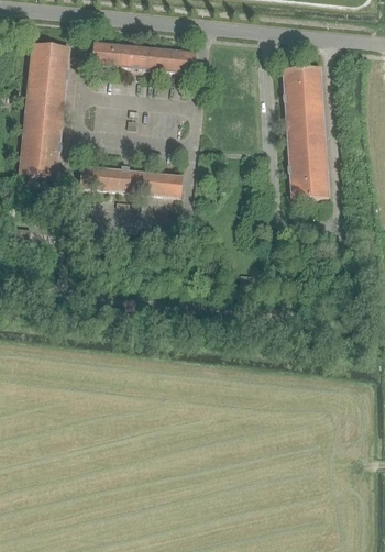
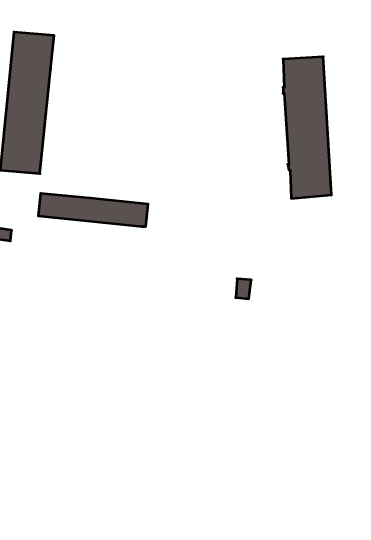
building: [91,42,194,73] -> none
building: [79,165,182,196] -> [38,193,148,226]

